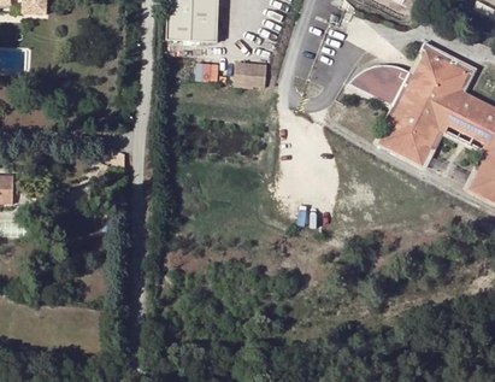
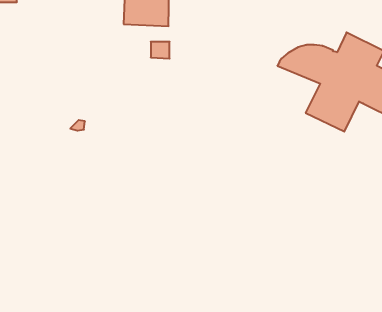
building: [234,59,267,86] -> none

